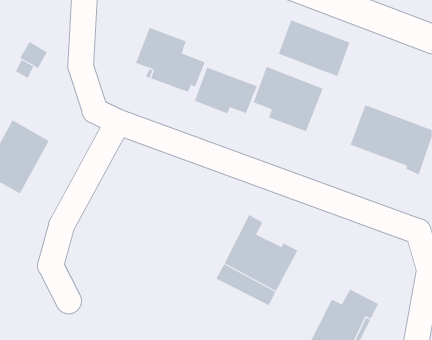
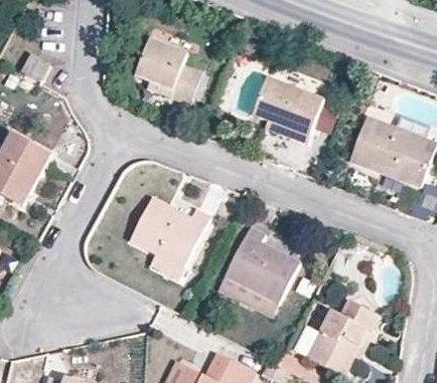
building: [278,19,350,77] -> none
building: [194,67,258,114] -> none
building: none -> [130,197,209,278]

